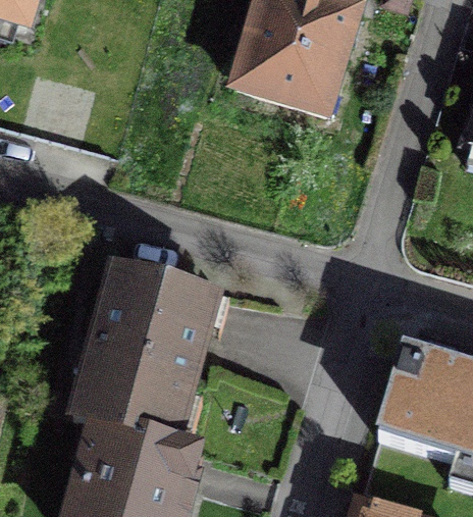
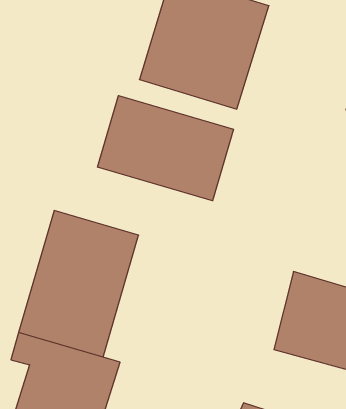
building: none -> [97,96,234,201]

